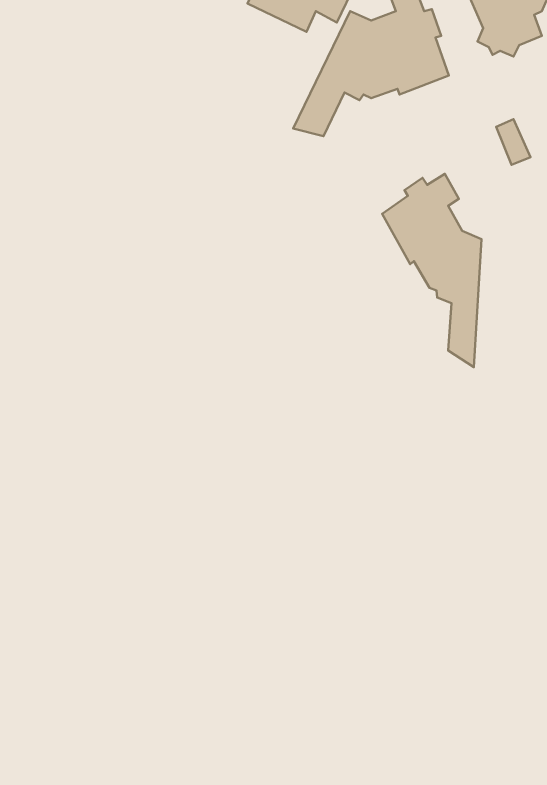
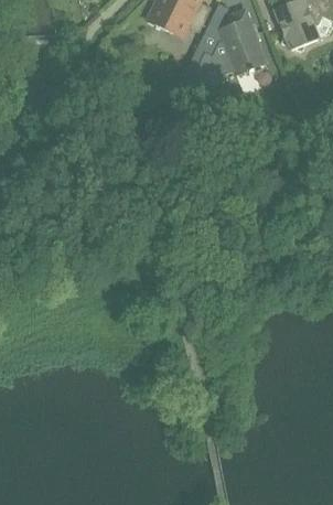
building: [382,174,482,367] -> none

